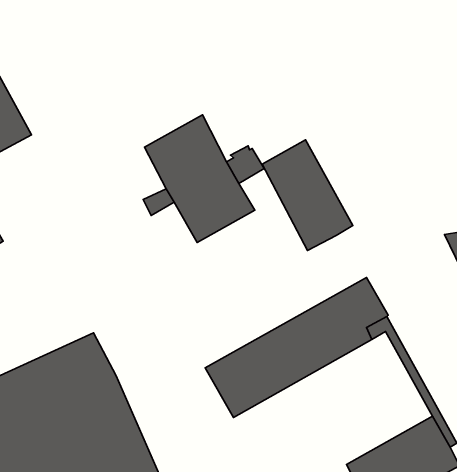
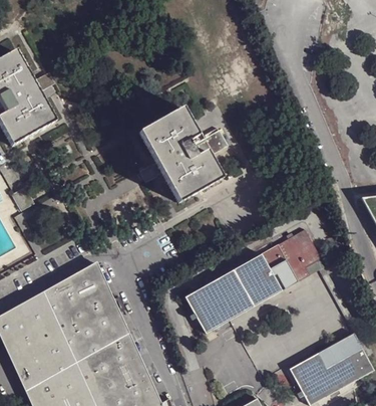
building: [262,140,353,250] -> none

